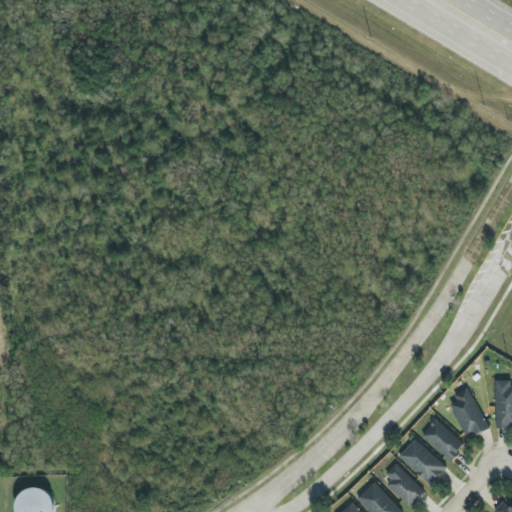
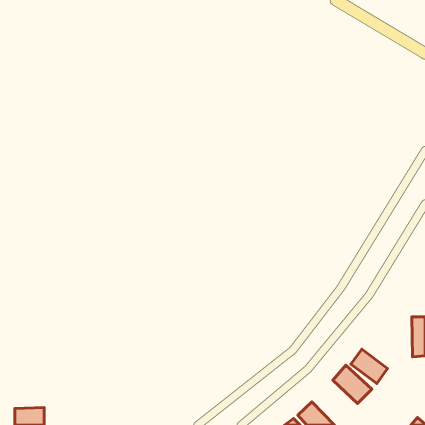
building: [451,388,488,439] -> none
building: [382,464,425,505] -> none

